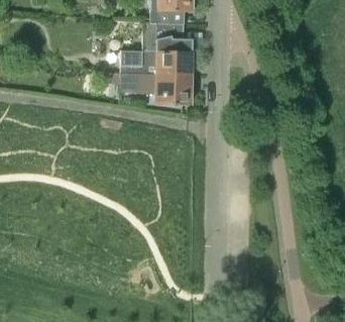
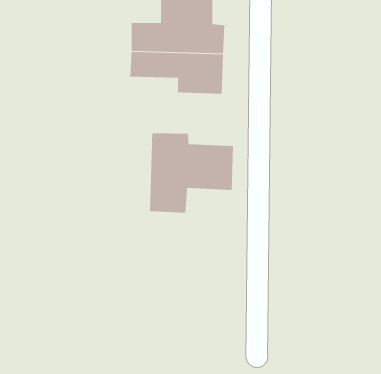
building: none -> [149,133,234,213]

